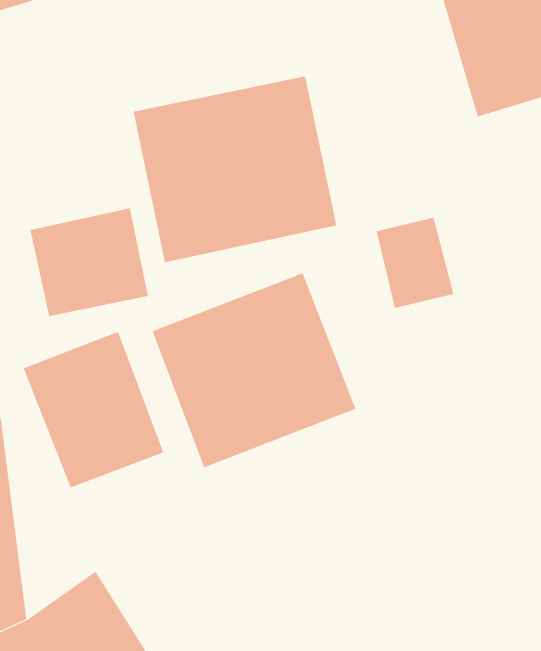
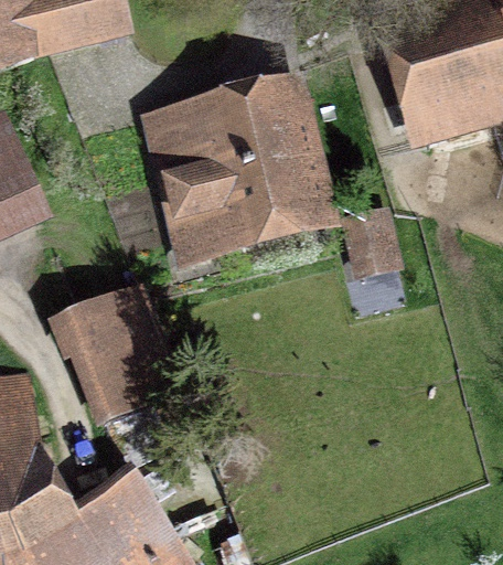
building: [30,208,149,317] -> none
building: [152,272,356,468] -> none

